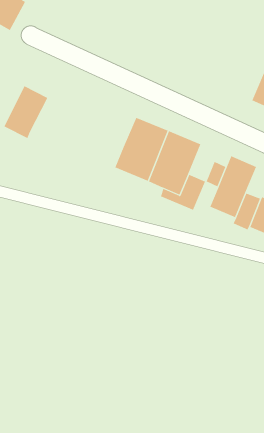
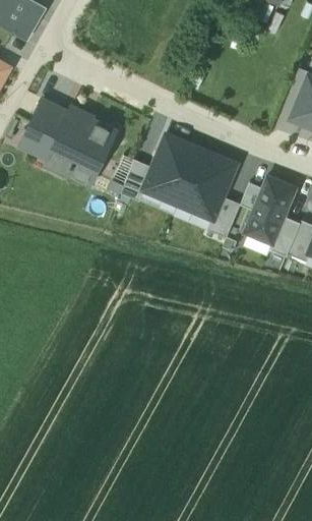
building: none -> [49,107,115,184]
building: none -> [120,160,149,199]

